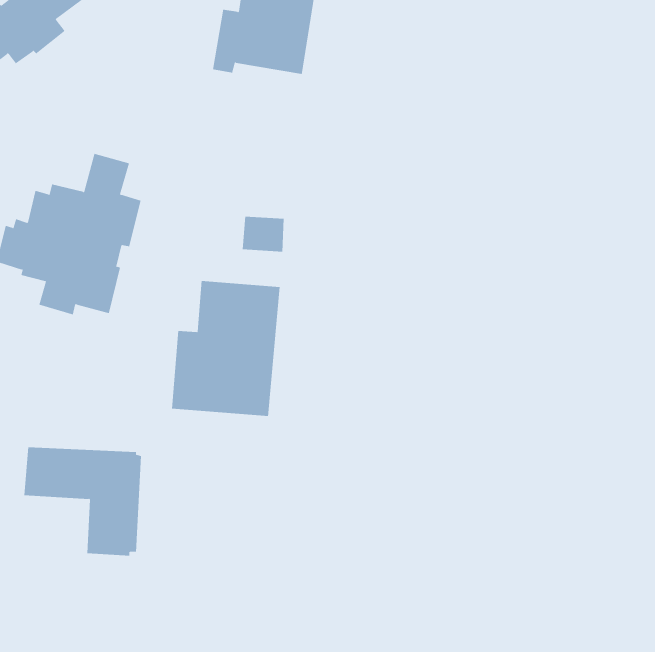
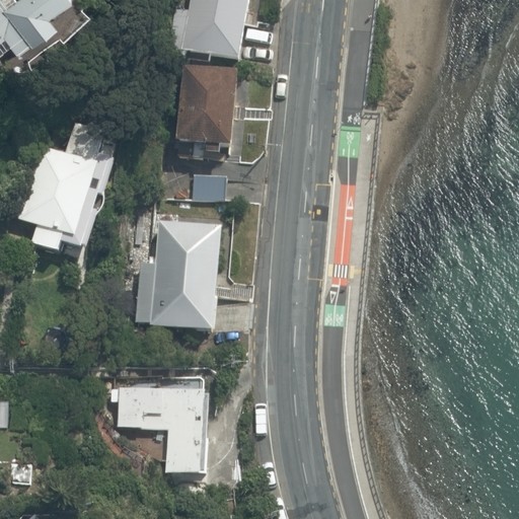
building: none -> [176,66,237,152]
building: [23,447,142,556] -> [116,387,209,473]

